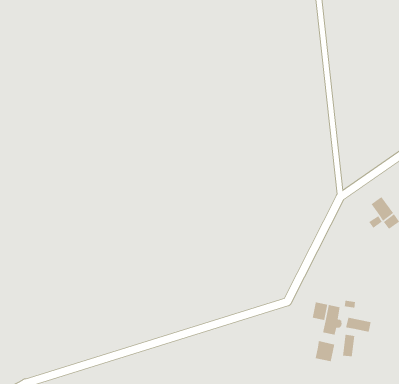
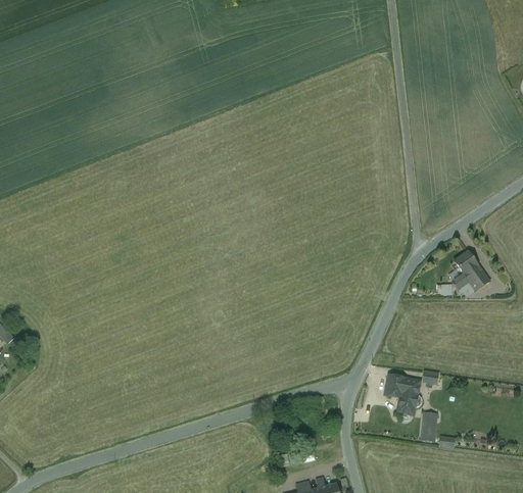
building: [345,317,372,334] -> none
building: [313,340,335,363] -> none

